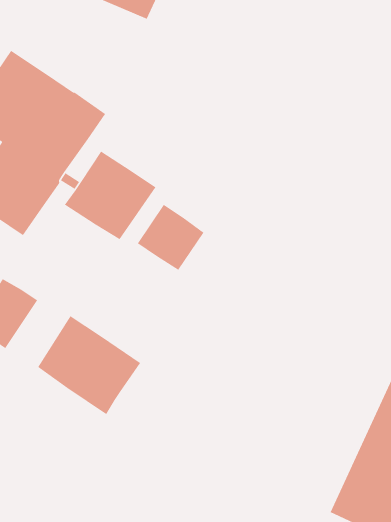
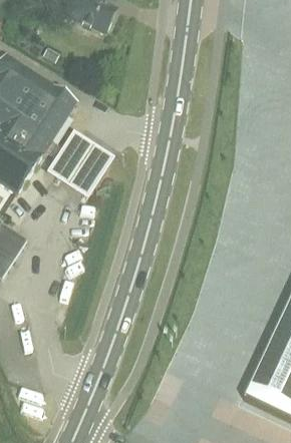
building: [137,204,205,271] -> none
building: [37,315,141,415] -> none

